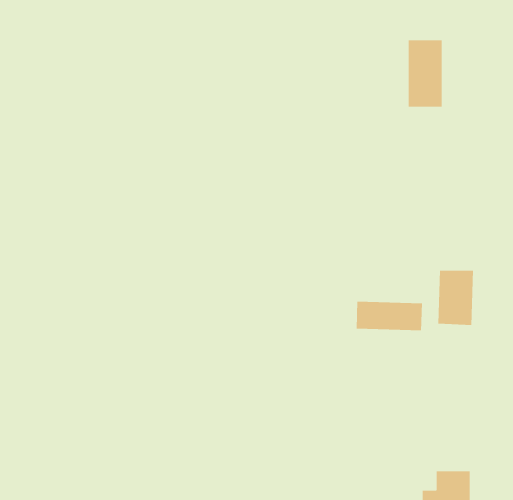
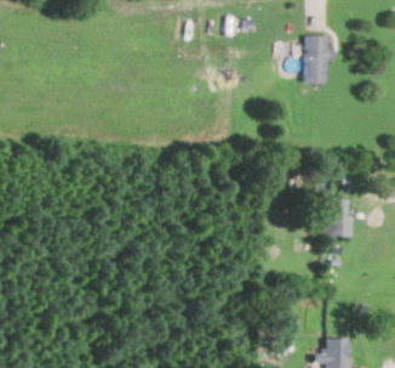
building: [356,301,422,331] -> none

